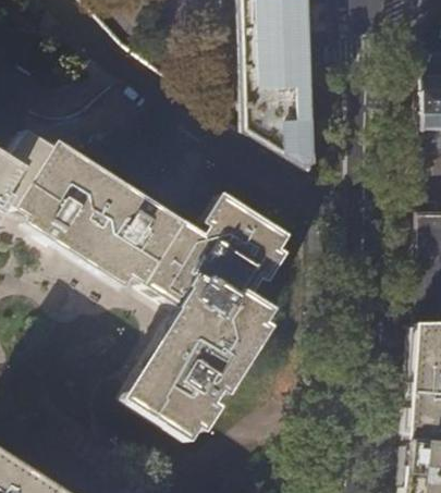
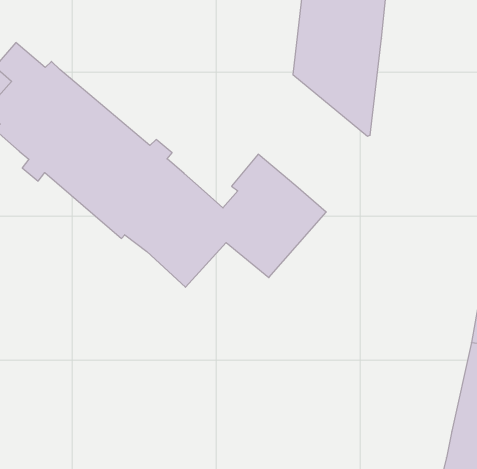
building: [130,272,273,442] -> none

